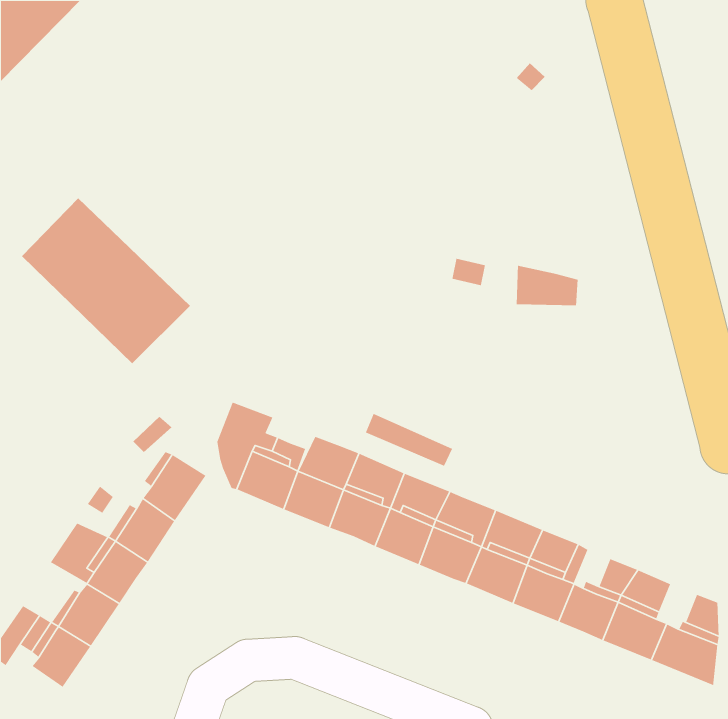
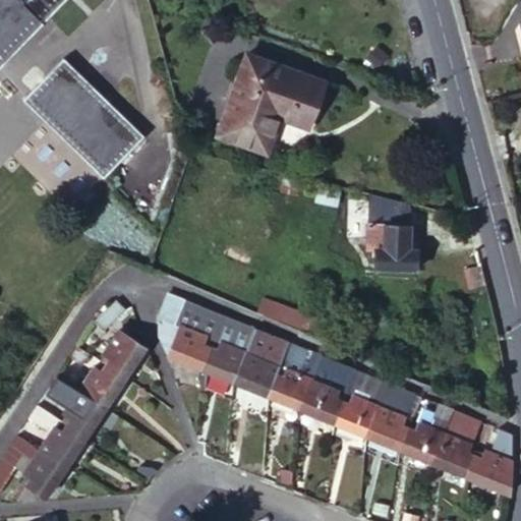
building: none -> [222,57,327,154]
building: [21,198,191,364] -> [22,57,143,176]
building: none -> [367,224,418,270]

